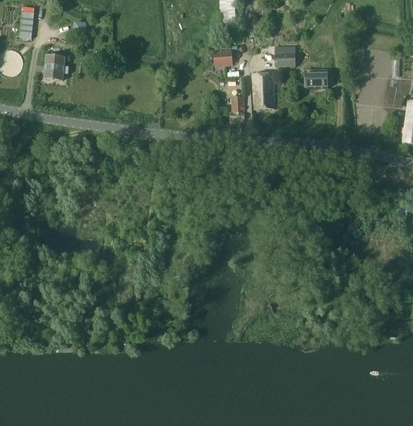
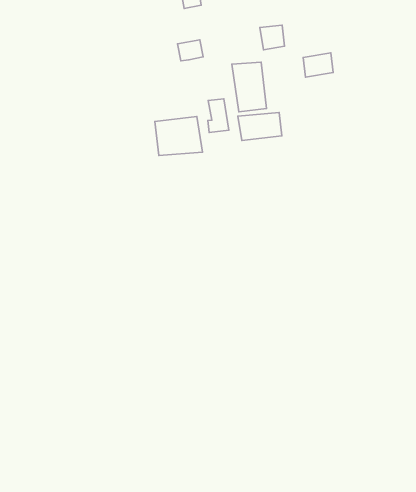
building: none -> [155,116,202,156]
building: none -> [238,113,282,140]

